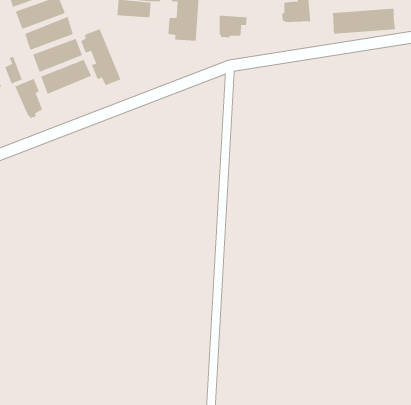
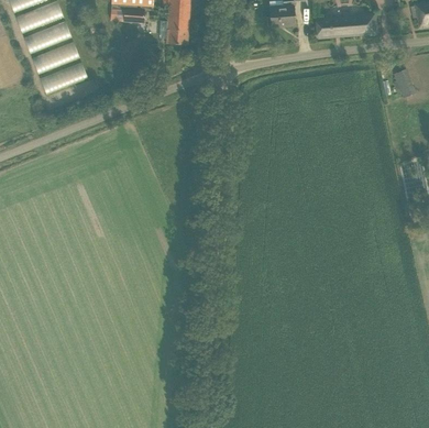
building: [219,15,248,38] -> none
building: [80,28,121,86] -> none
building: [14,78,43,119] -> none

